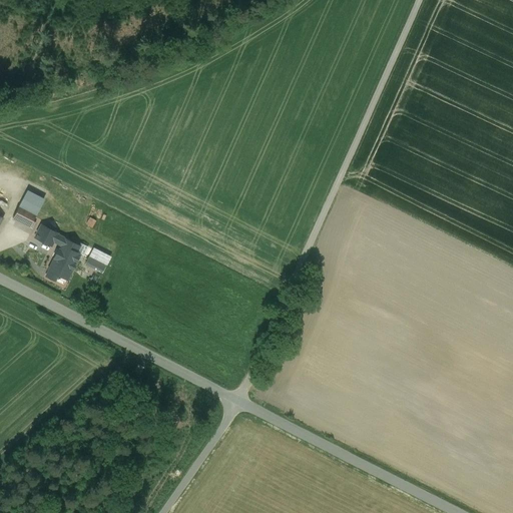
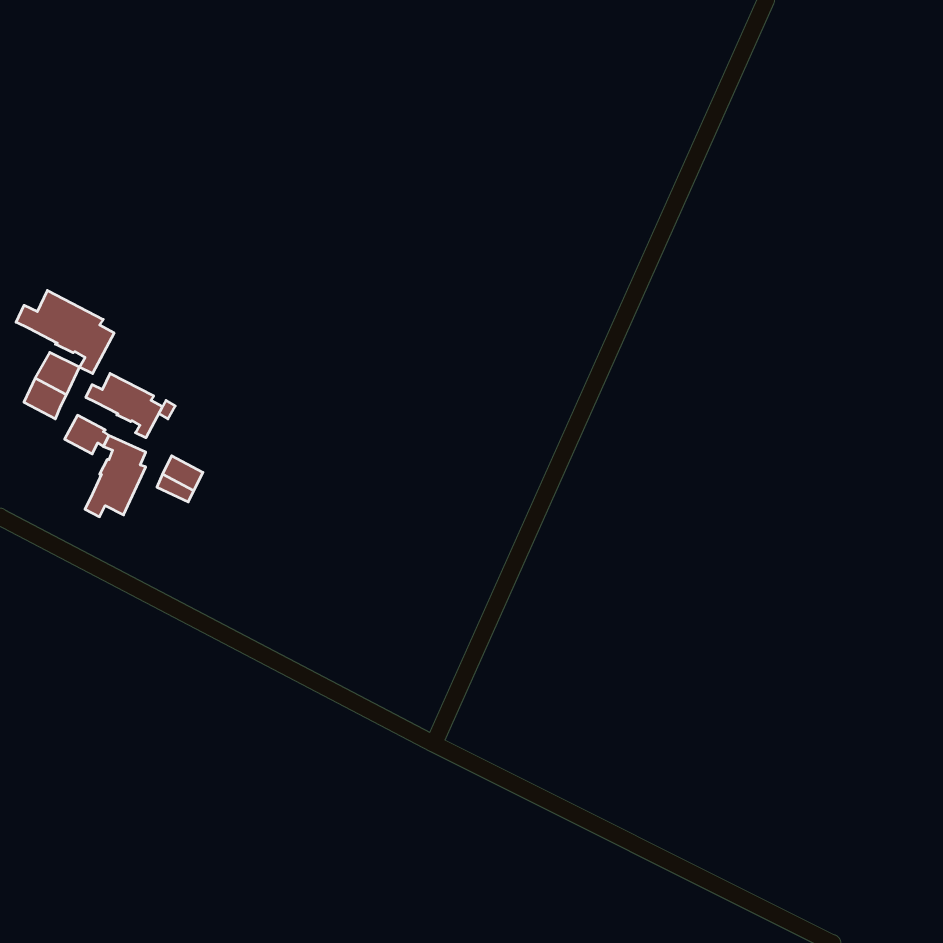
building: none -> [16,290,114,374]
building: none -> [86,373,162,438]

